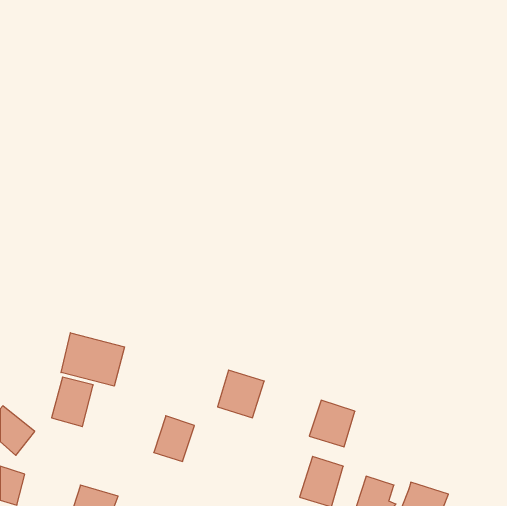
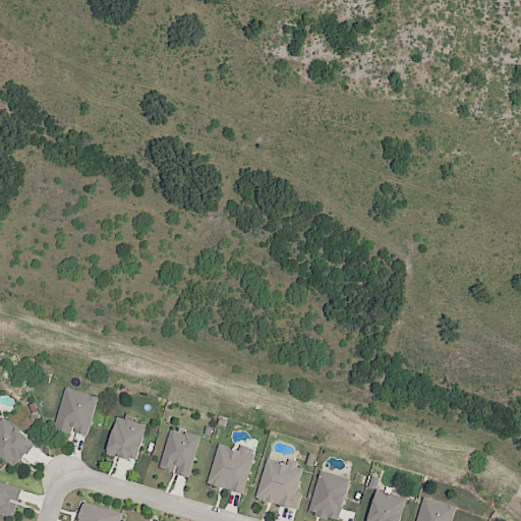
building: [61,333,124,386] -> none
building: [218,370,264,418] -> [206,445,253,494]
building: [309,400,355,447] -> [256,459,303,507]
building: none -> [105,416,149,462]

